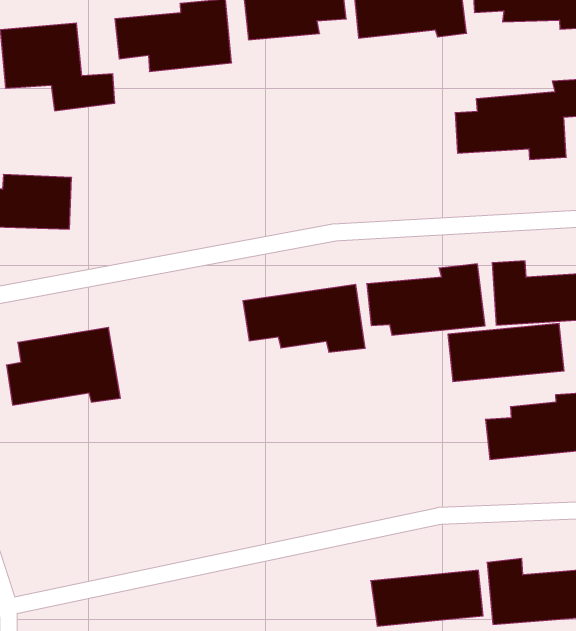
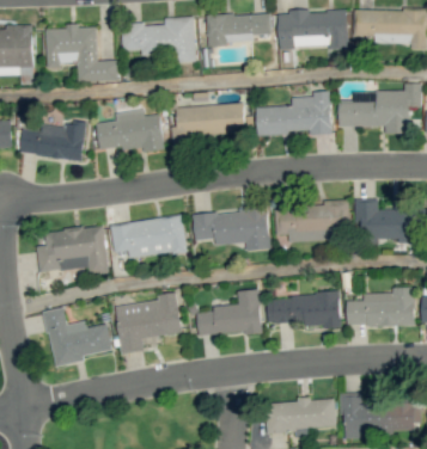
building: none -> [256,91,331,135]
building: none -> [171,103,245,140]
building: none -> [97,110,163,153]
building: none -> [110,216,187,259]
building: [448,323,564,382] -> [267,294,341,327]
building: none -> [197,289,262,336]
building: none -> [114,291,182,353]
building: none -> [43,307,112,367]

